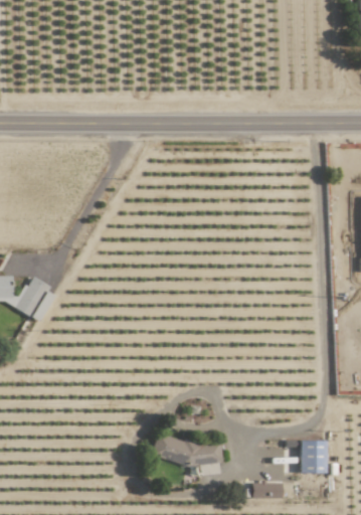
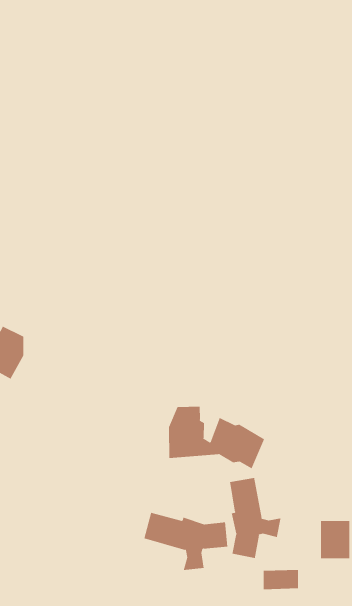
building: none -> [168,406,265,469]
building: none -> [229,477,281,559]

